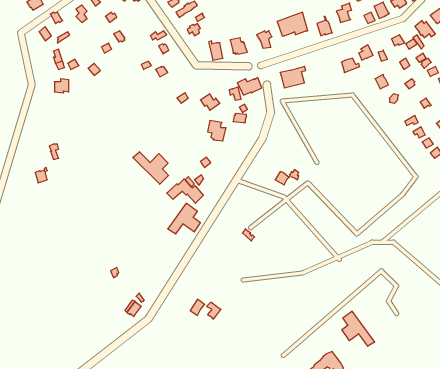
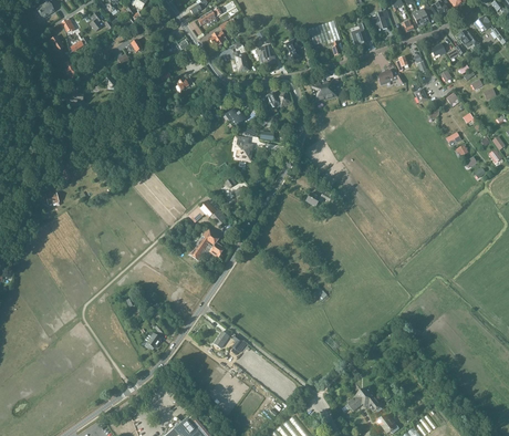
building: [133,152,169,184] -> none
building: [342,311,375,346] -> none

